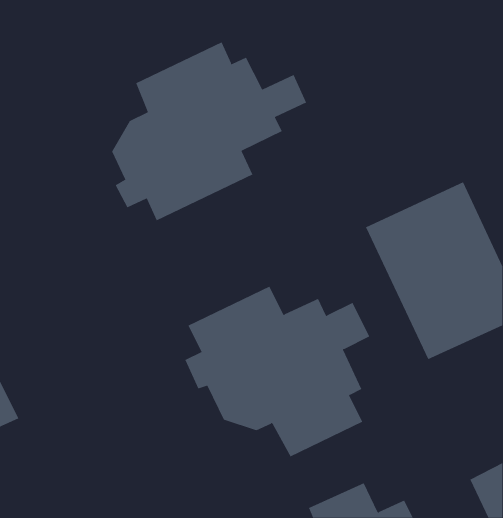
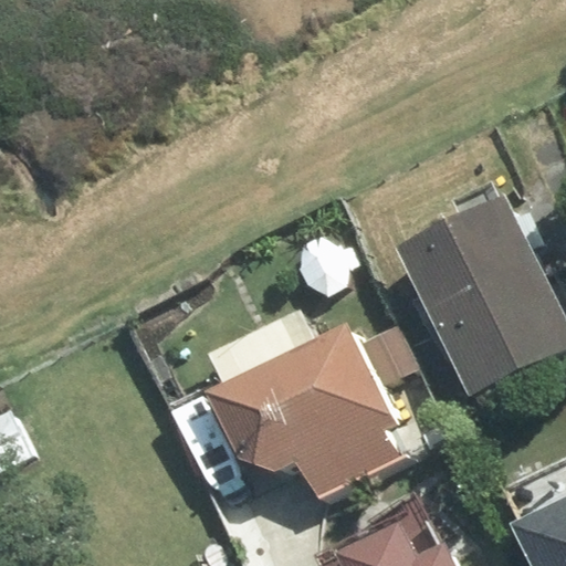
building: [111,42,307,221] -> none

